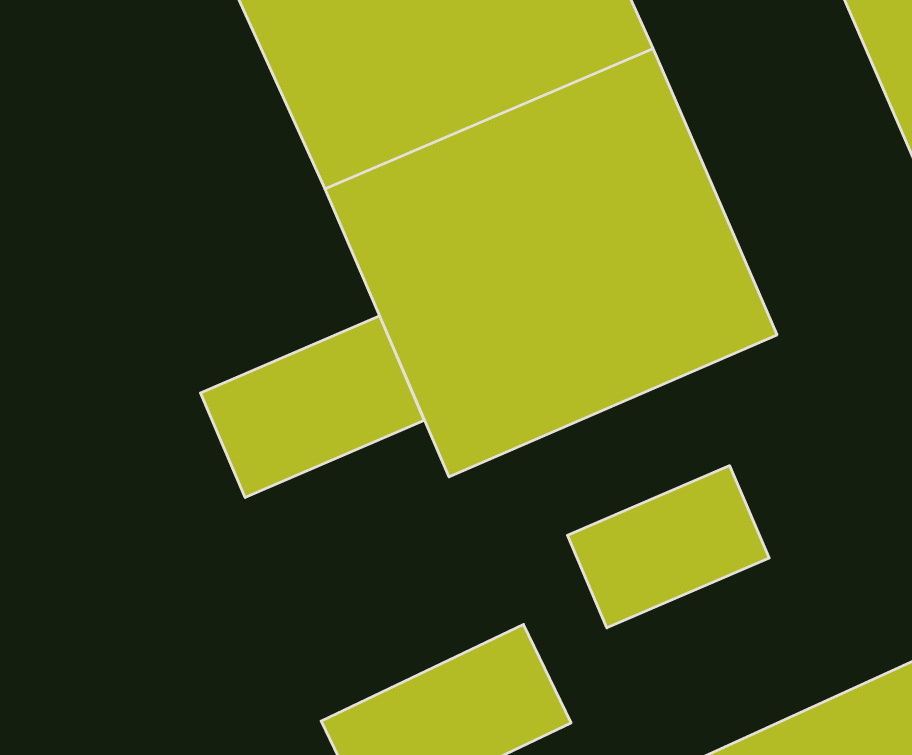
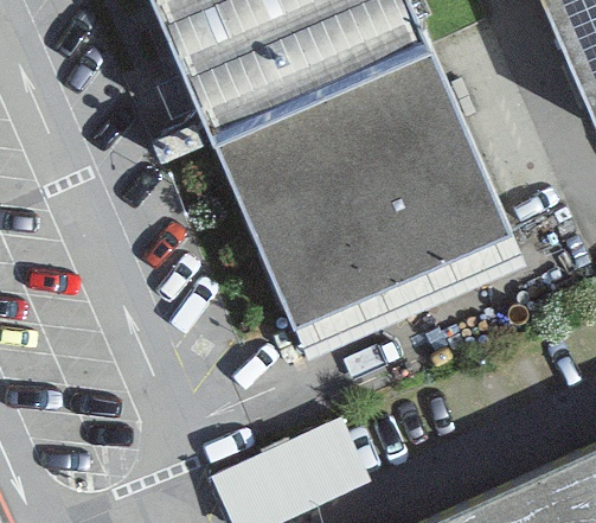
building: [200,316,424,498] -> none
building: [567,466,769,628] -> none

